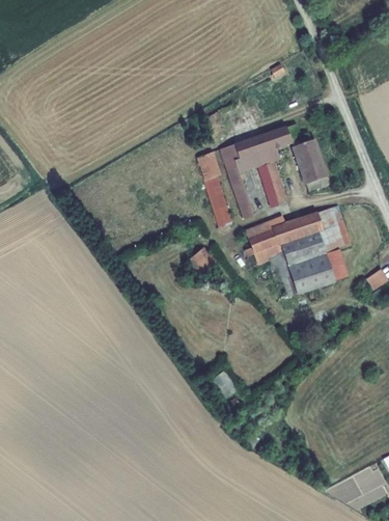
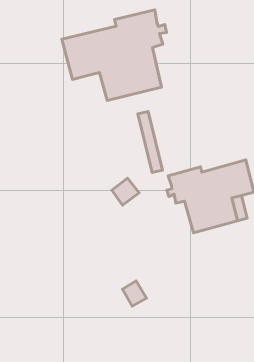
building: none -> [62,10,166,100]
building: [221,125,329,221] -> none

